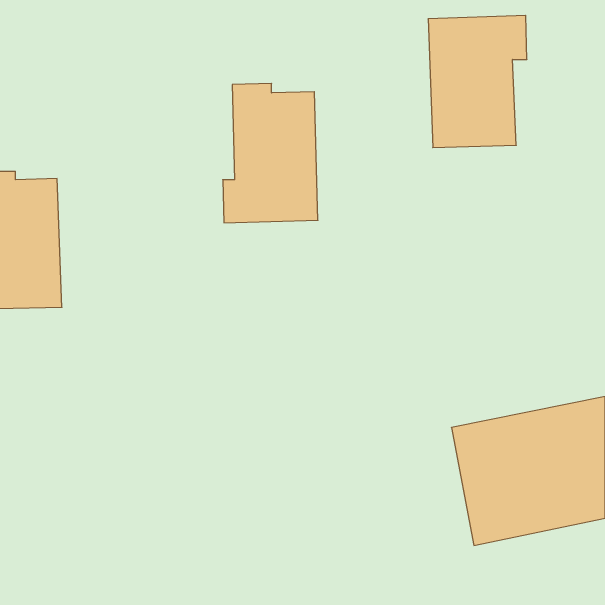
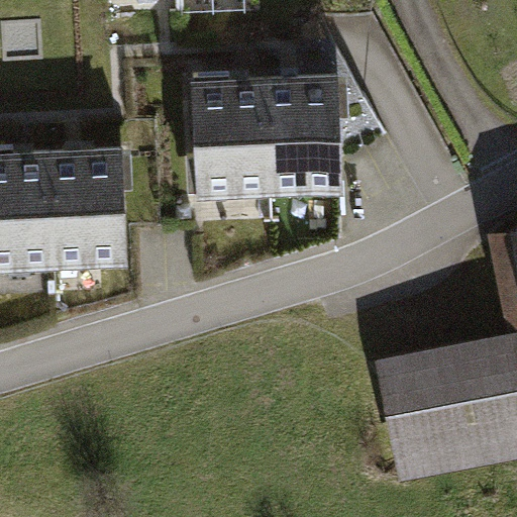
building: [428,15,527,148] -> [267,78,350,190]
building: none -> [49,151,132,264]

